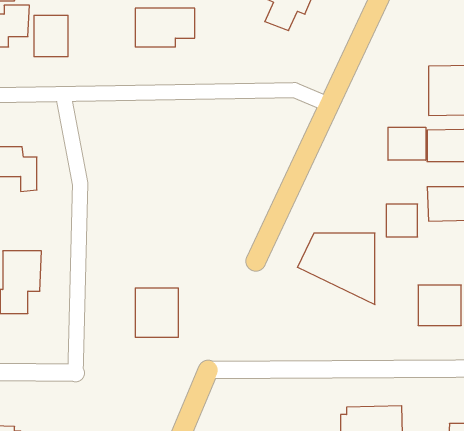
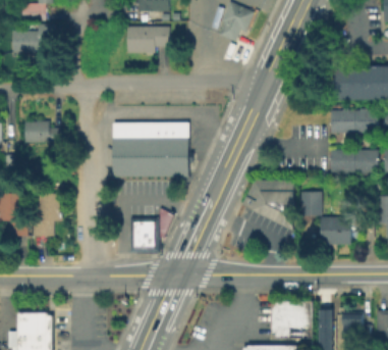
building: [34,15,68,57] -> none
building: [388,127,426,160] -> none
building: none -> [111,122,186,177]
building: [386,204,418,237] -> [300,192,322,214]

